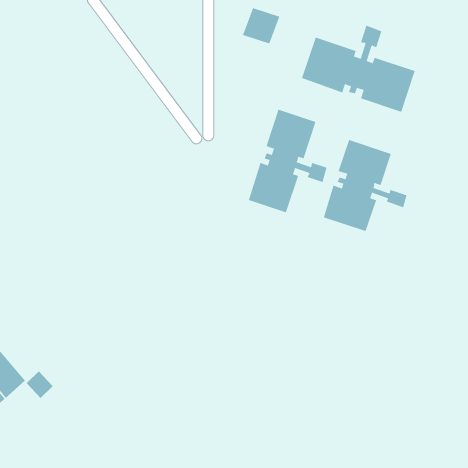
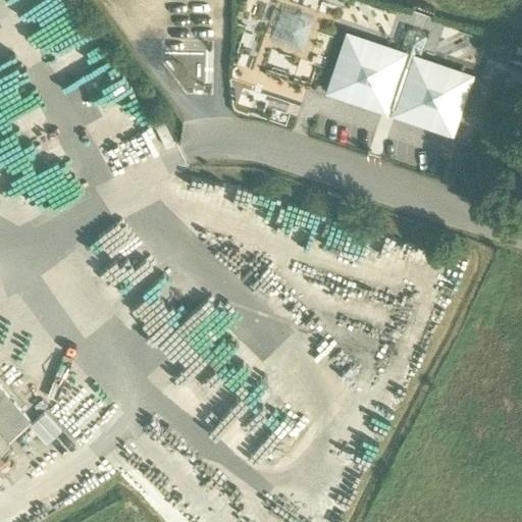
building: [248,109,327,213] -> none
building: [323,139,407,232] -> none

